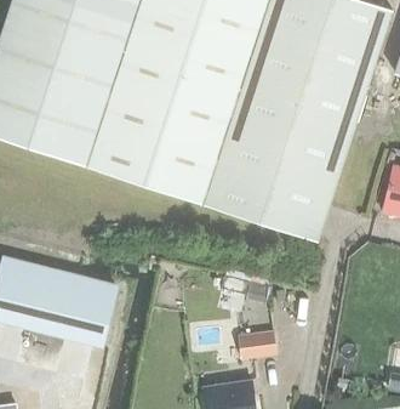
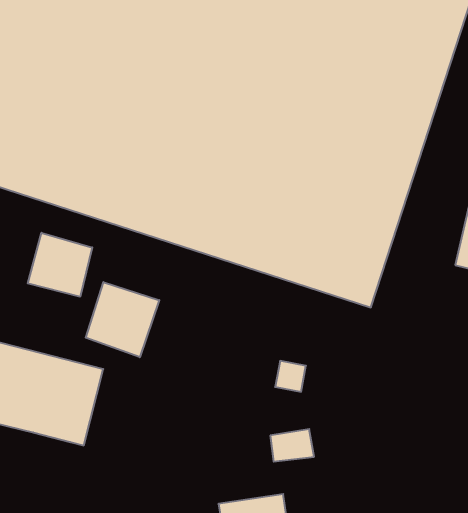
building: none -> [28,233,92,297]
building: none -> [86,282,159,357]

